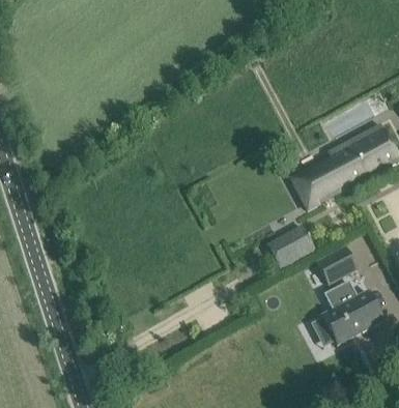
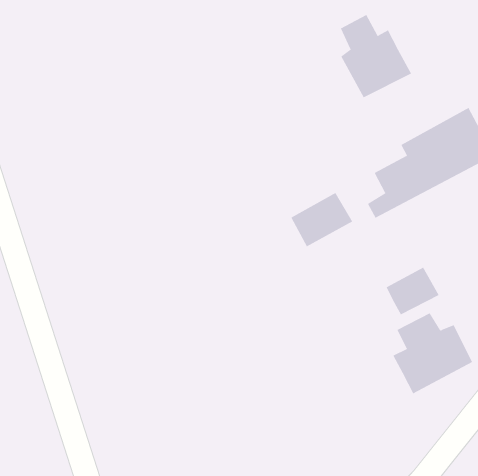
building: none -> [340,14,412,98]
building: [267,225,316,267] -> [290,192,353,247]

